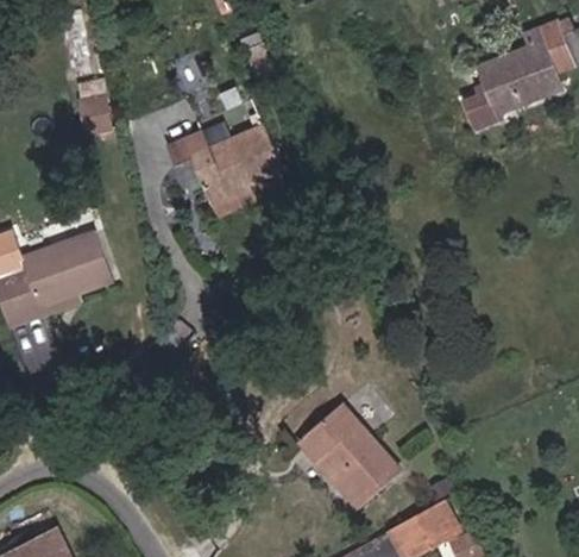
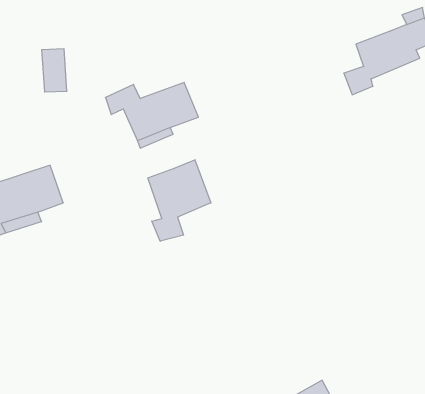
building: none -> [148,160,211,241]
building: [295,402,394,496] -> none

